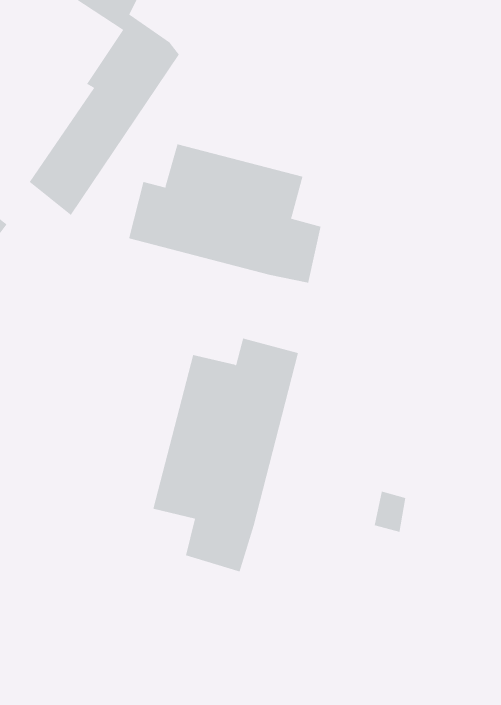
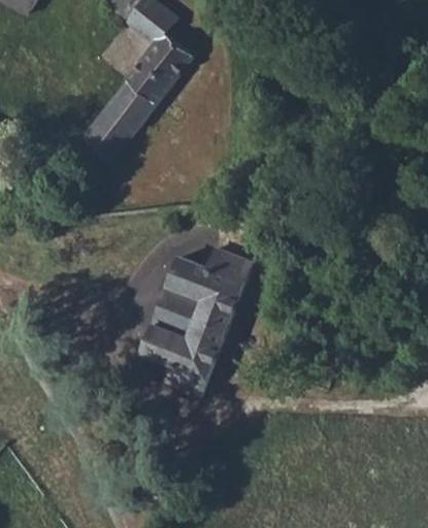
building: [129,144,321,283] -> none

